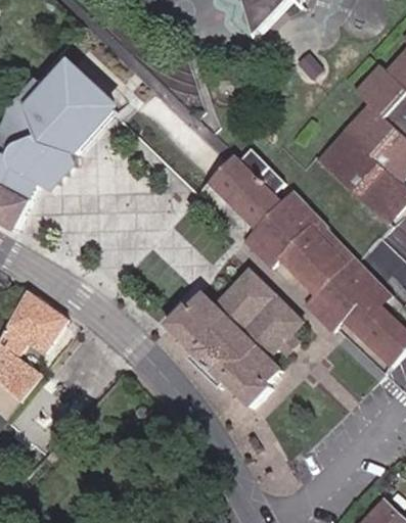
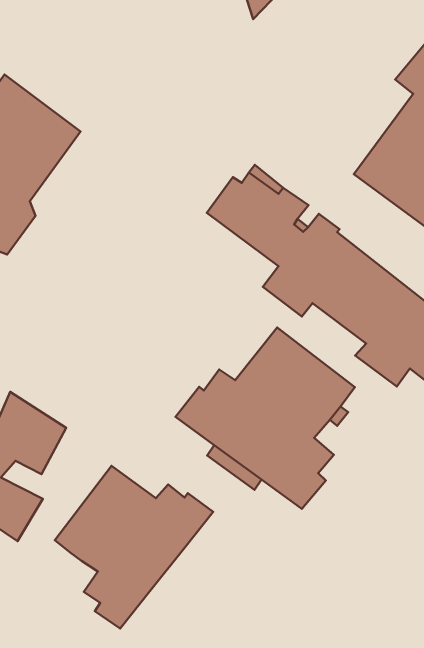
building: none -> [55,466,213,629]

